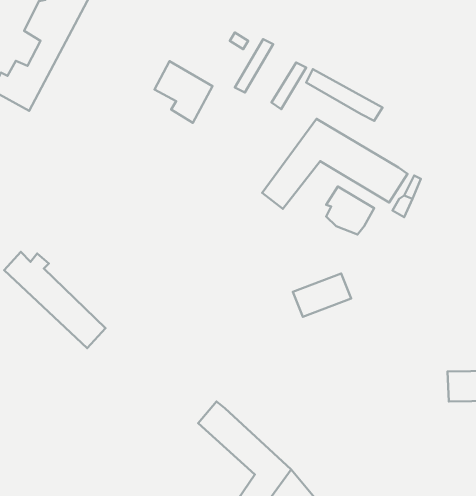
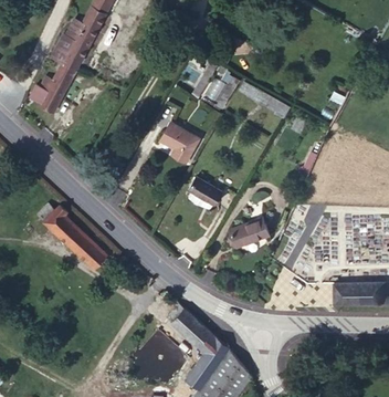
building: [155,61,213,123] -> [160,123,199,164]
building: [262,119,408,209] -> none
building: [326,186,374,235] -> [188,178,220,210]

